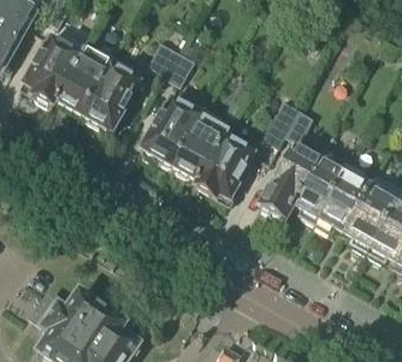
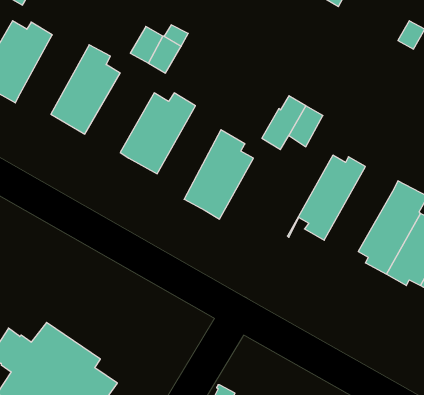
building: [55,46,116,114] -> none
building: [173,83,252,186] -> none
building: [259,146,323,221] -> none
building: [315,159,374,231] -> none

